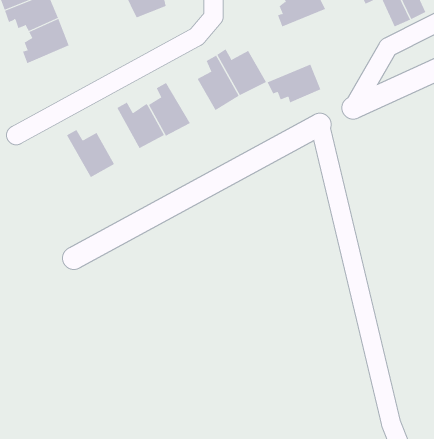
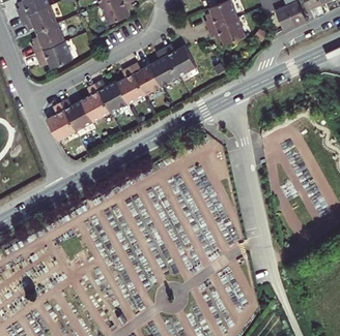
building: none -> [34,41,72,68]
building: [267,64,321,103] -> [208,17,246,43]
building: none -> [130,62,163,94]
building: none -> [82,84,111,122]
building: none -> [48,102,78,142]

